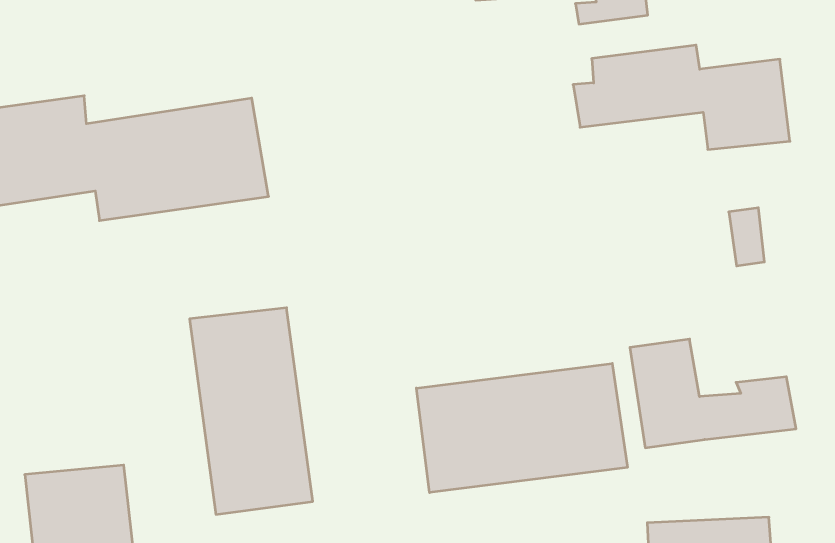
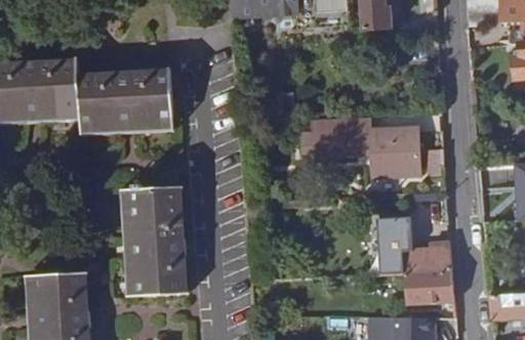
building: [573,45,790,149] -> [301,117,417,174]
building: [416,363,627,493] -> none
building: none -> [403,270,455,303]

